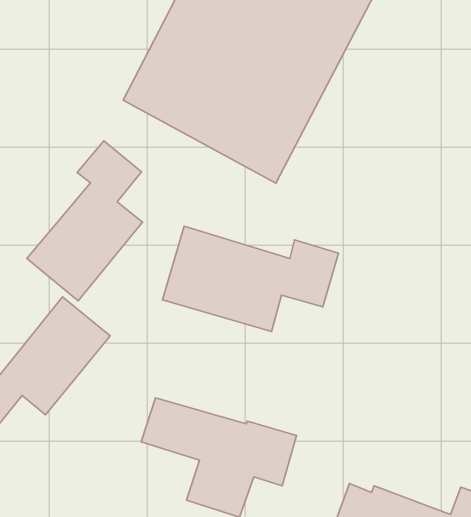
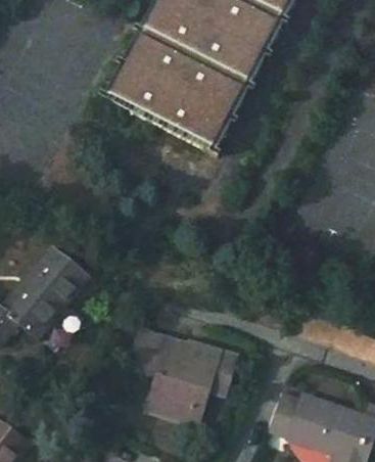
building: [27,141,143,301] -> none
building: [162,226,339,331] -> none

